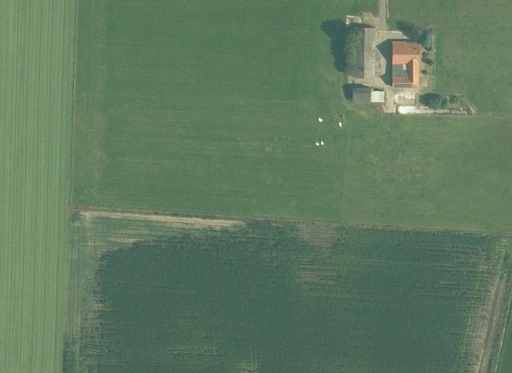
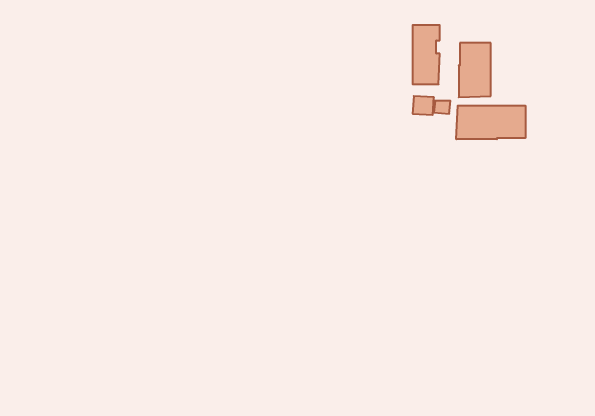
building: none -> [456,106,525,139]

